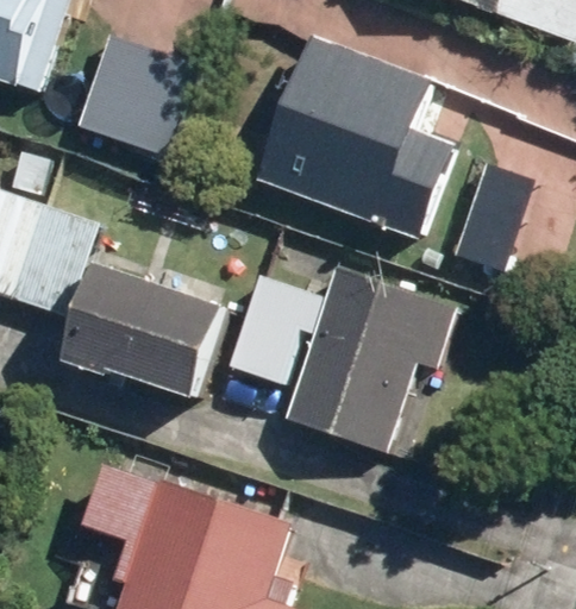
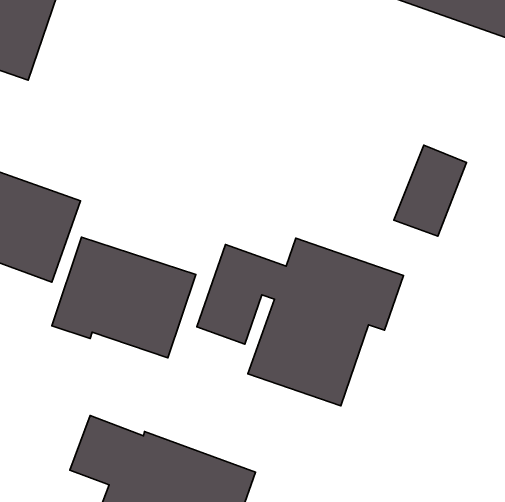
building: [76,32,202,159] -> none
building: [256,33,457,237] -> none

